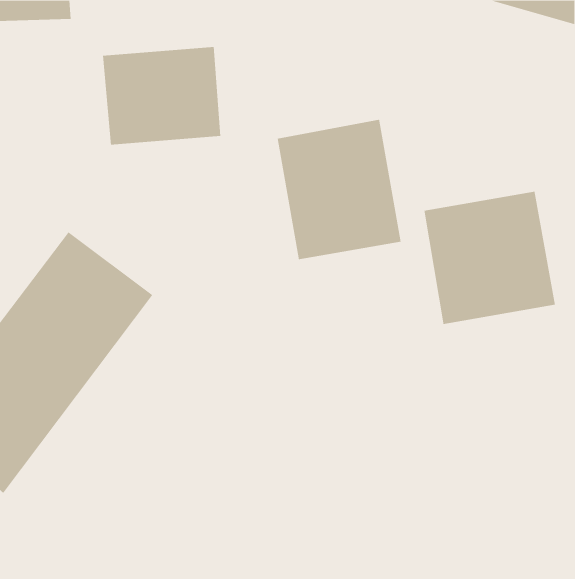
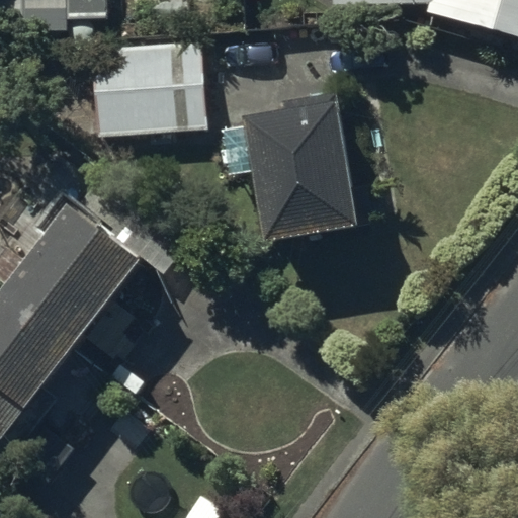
building: [424,191,556,325] -> none

